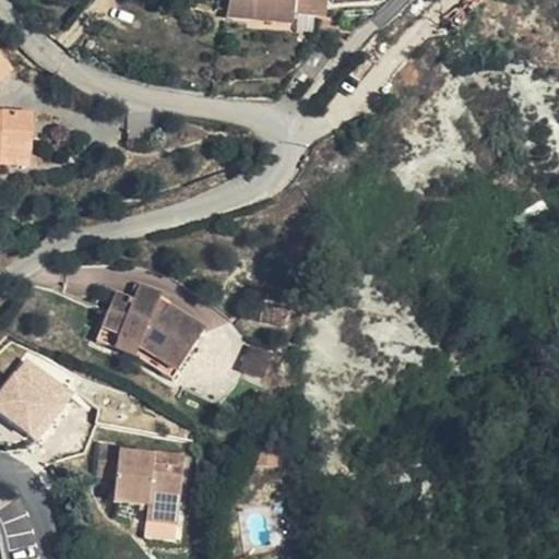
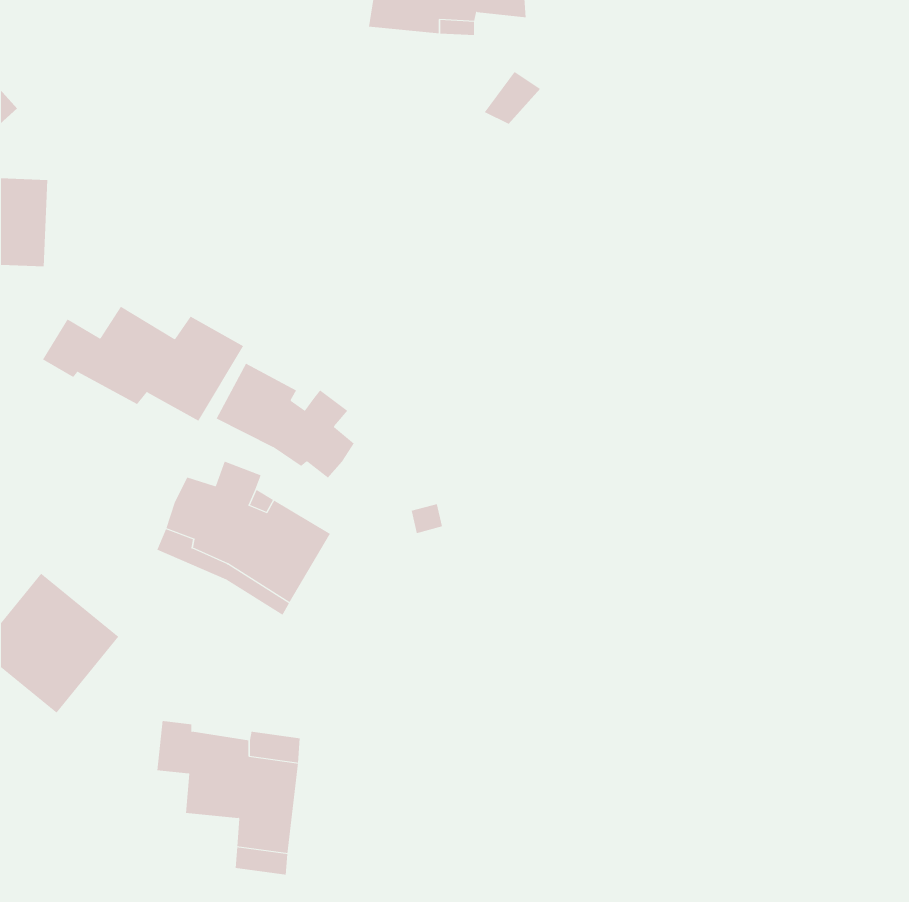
building: none -> [42,306,244,422]
building: none -> [216,363,354,478]

